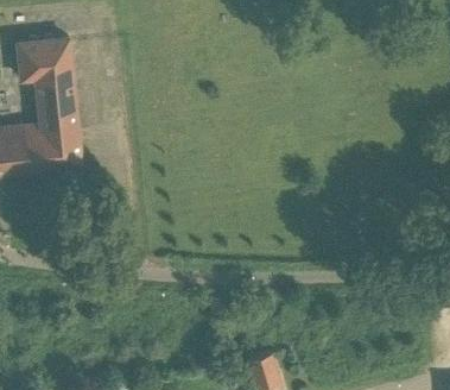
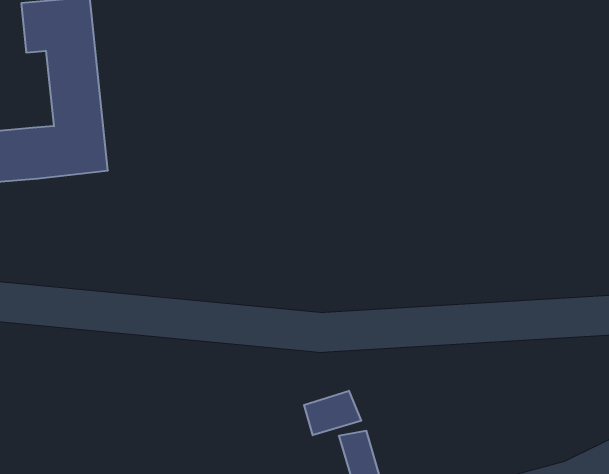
building: none -> [304,391,361,435]

